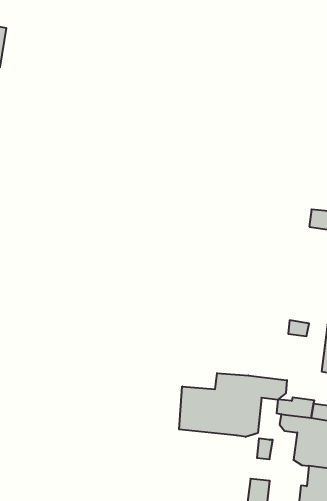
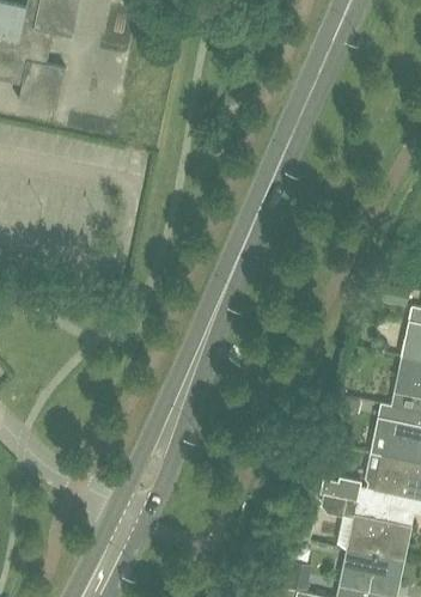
building: [179,373,287,437] -> none

